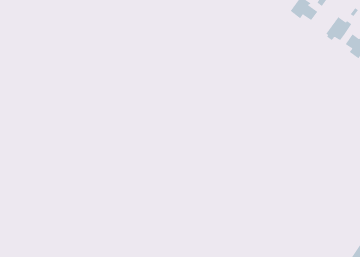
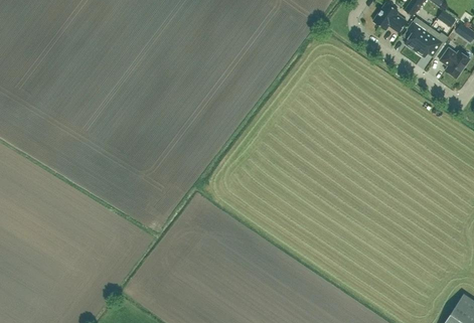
building: none -> [405,17,430,47]

